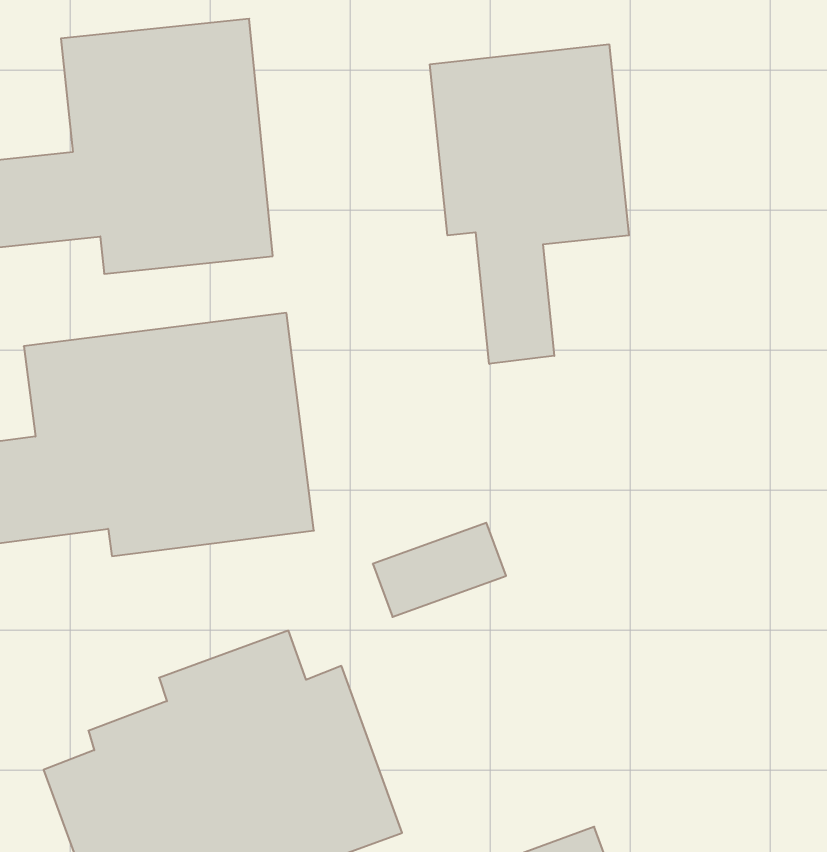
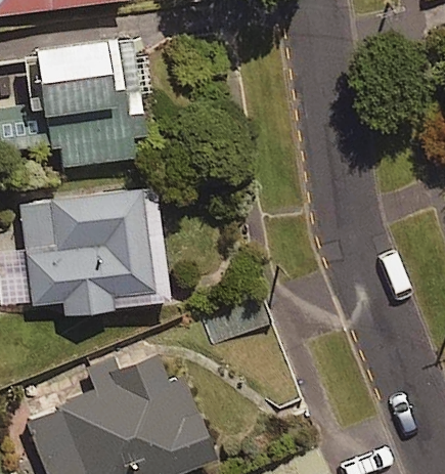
building: [430,44,629,364] -> none

